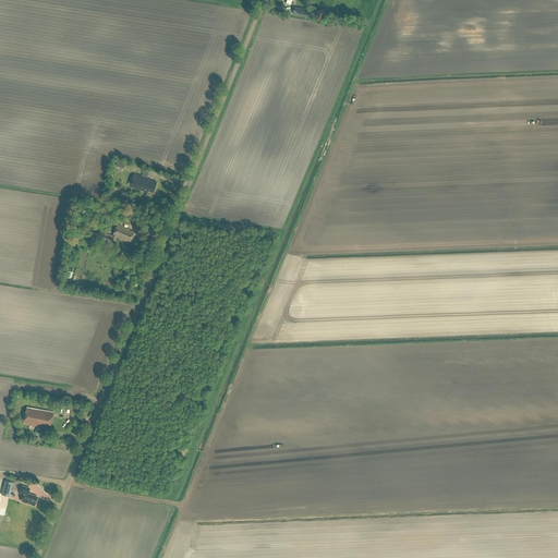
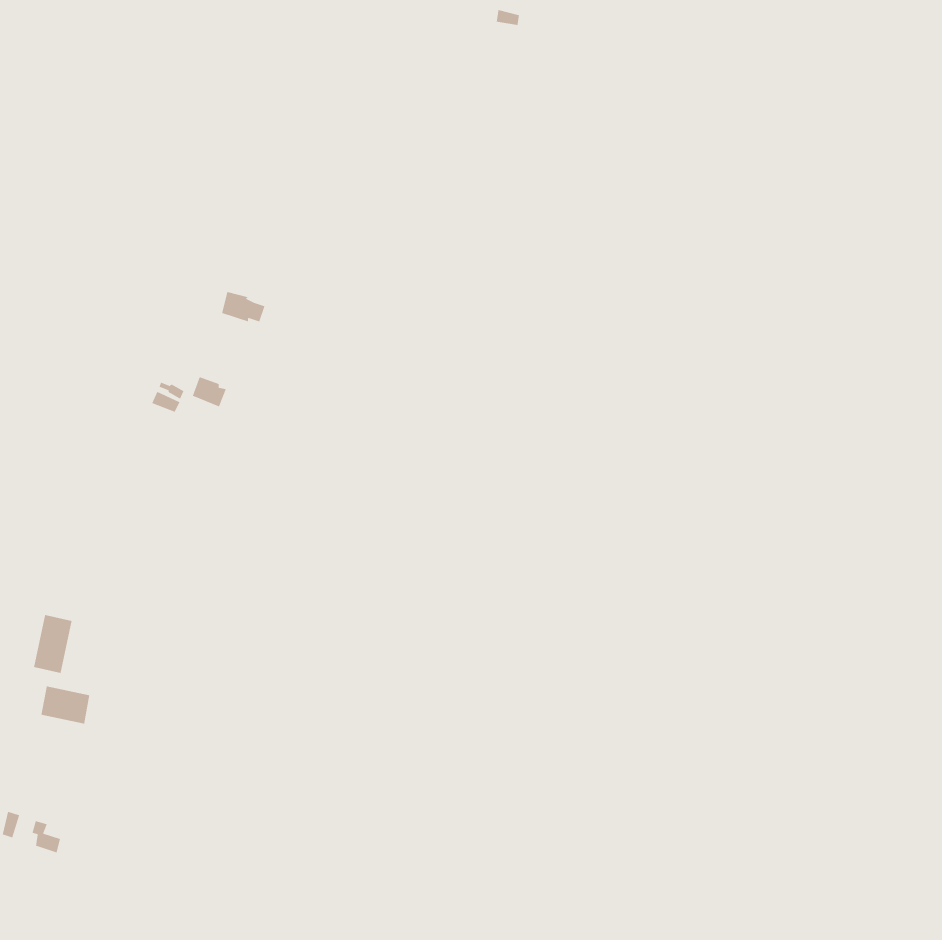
building: none -> [33,614,72,674]

